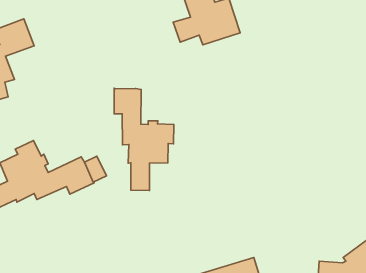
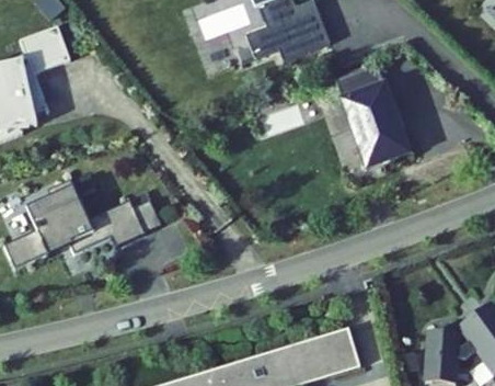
building: none -> [337,66,407,166]
building: [114,88,174,191] -> none

